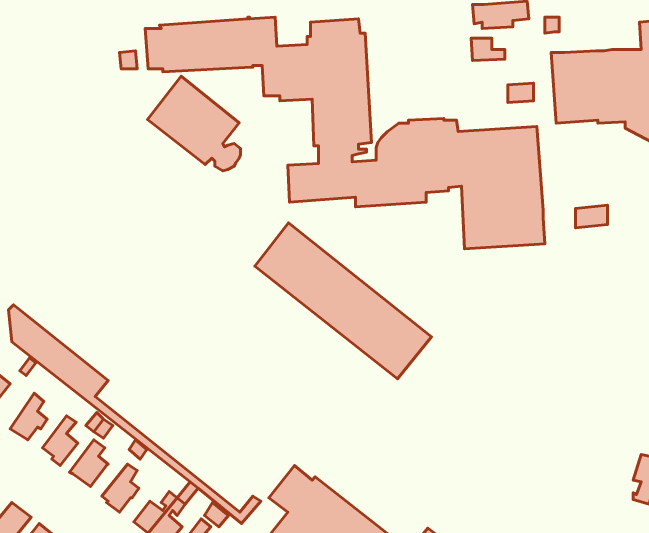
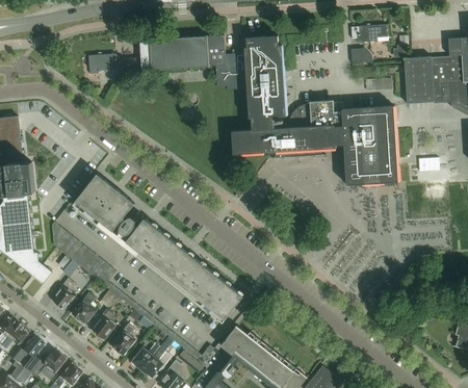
building: none -> [88,54,116,75]
building: [148,76,241,171] -> [75,174,135,235]
building: [255,223,431,379] -> [129,223,243,324]

